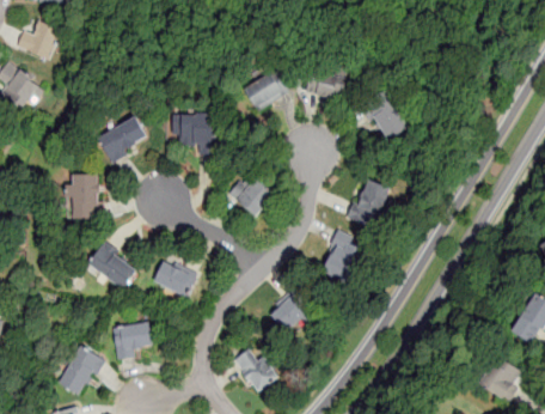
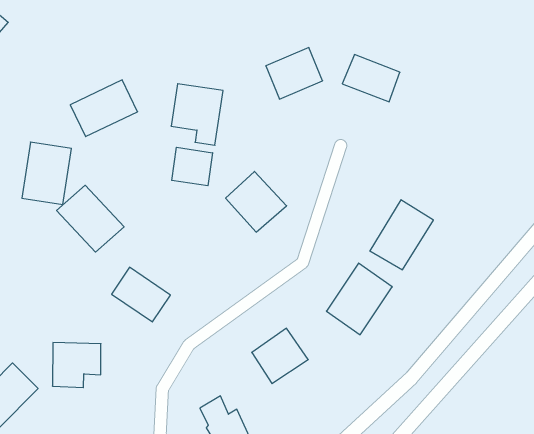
building: [362,93,408,142] -> none
building: none -> [172,147,213,186]
building: [86,239,140,290] -> [57,185,124,252]

